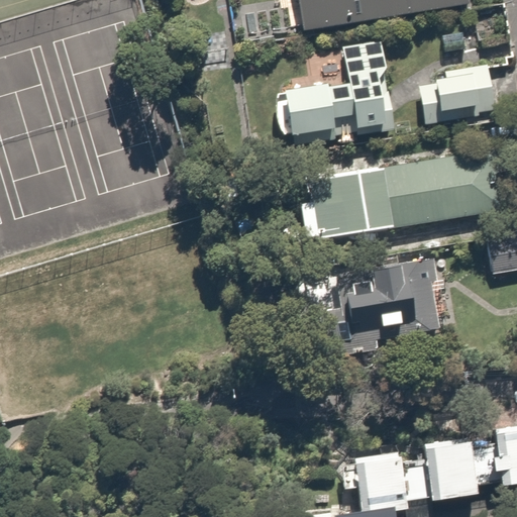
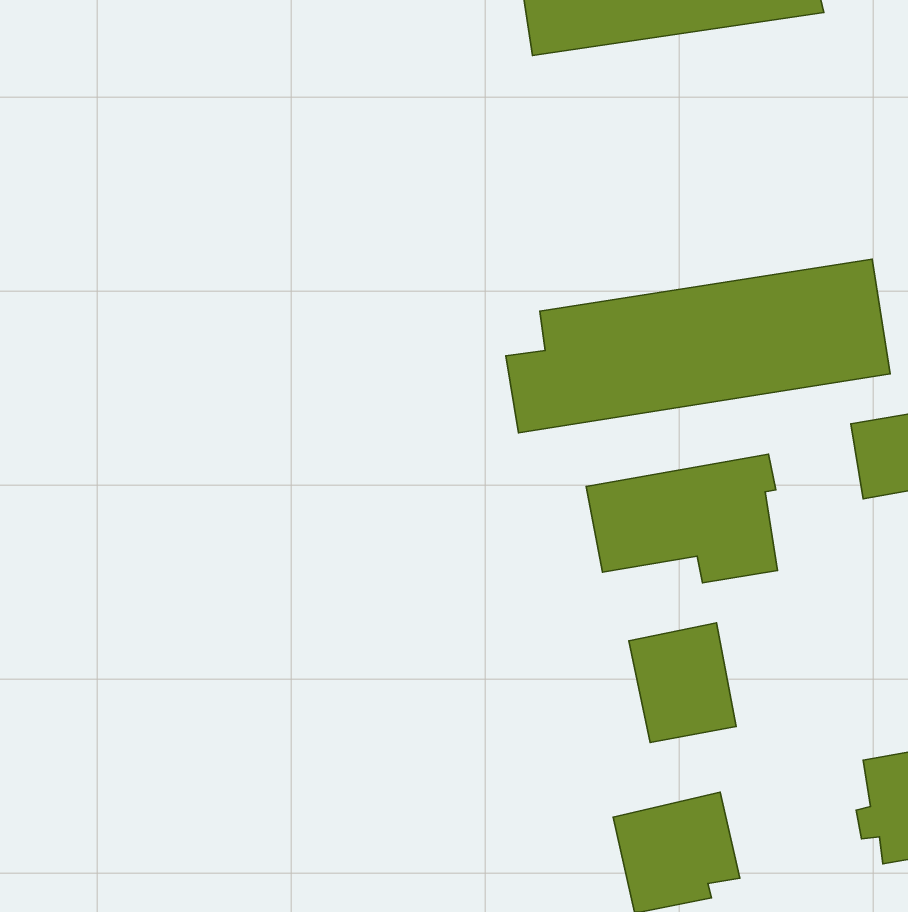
building: [279,36,398,148] -> none
building: [419,68,499,127] -> none
building: [419,433,480,501] -> [629,623,736,743]

